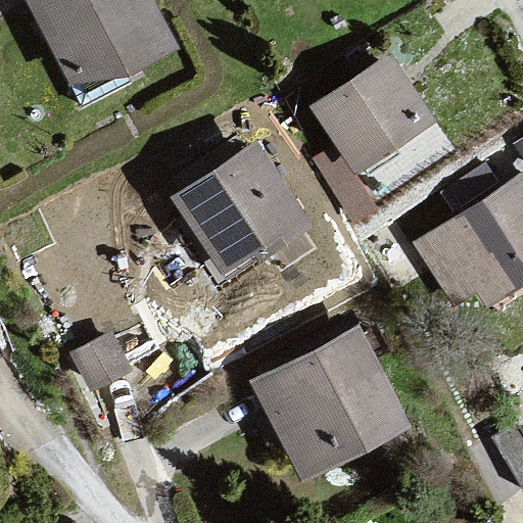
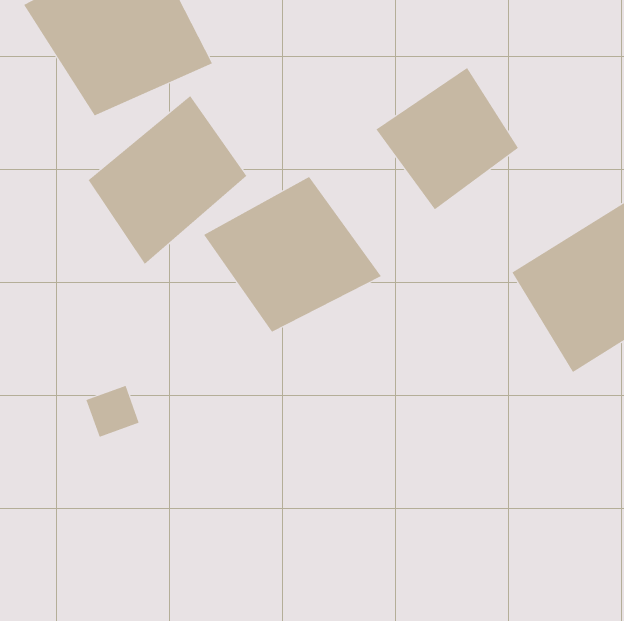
building: none -> [88,95,247,265]
building: [247,324,411,482] -> none

